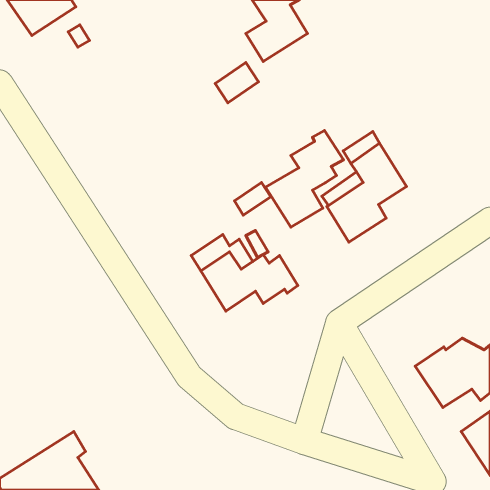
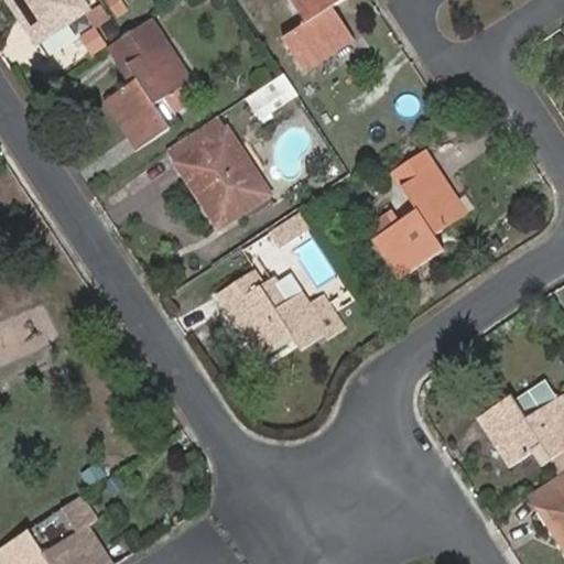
building: none -> [107,17,192,148]
building: none -> [169,117,270,229]
building: [265,131,344,227] -> none

